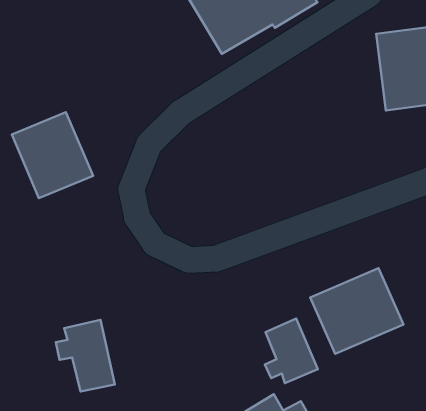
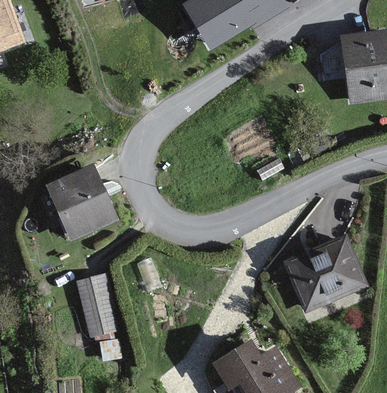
building: [12,112,93,198] -> [50,170,119,243]
building: [265,319,318,383] -> none

